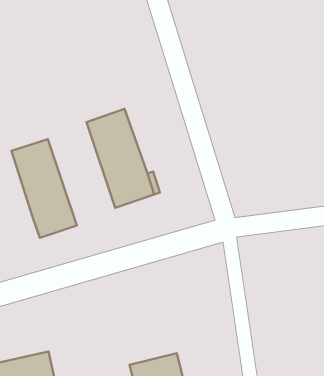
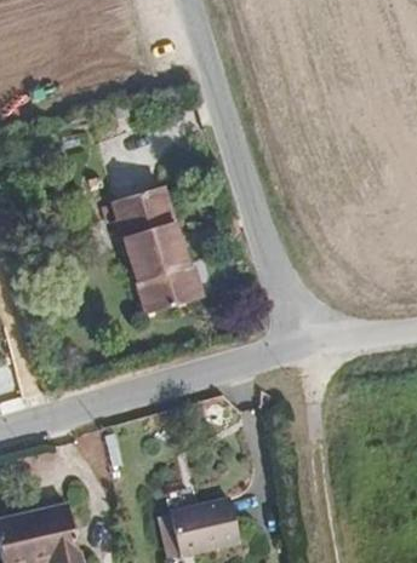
building: [12,139,77,238] -> none

